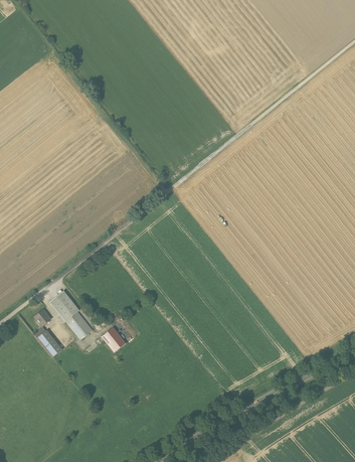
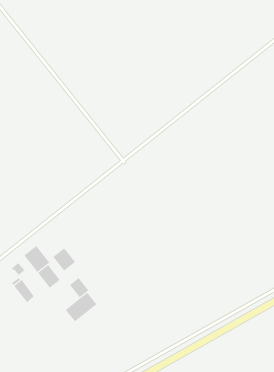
building: none -> [53,247,76,272]
building: none -> [65,292,97,322]

